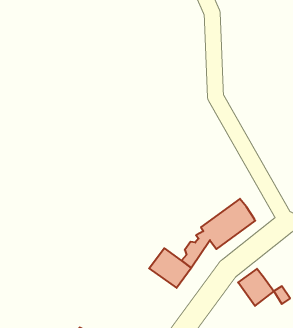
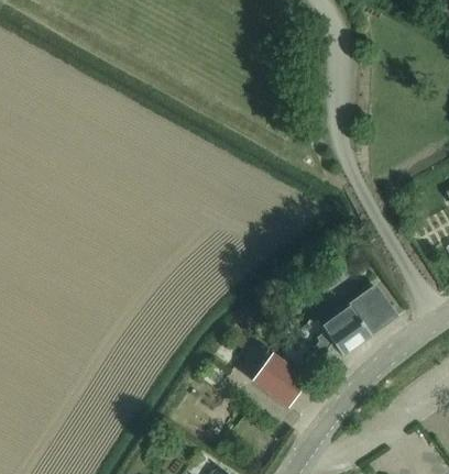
building: [238,269,274,306] -> none

